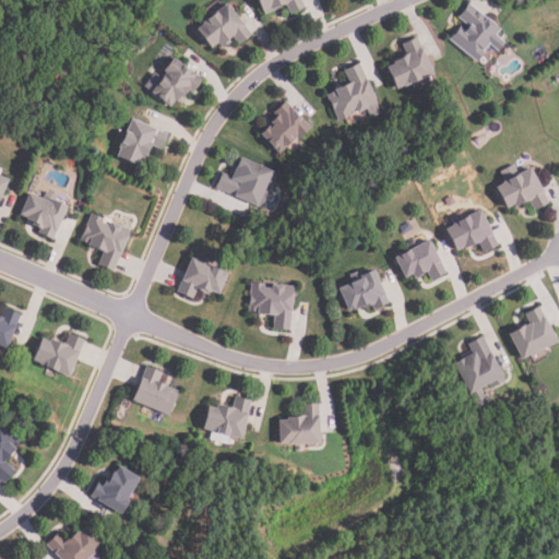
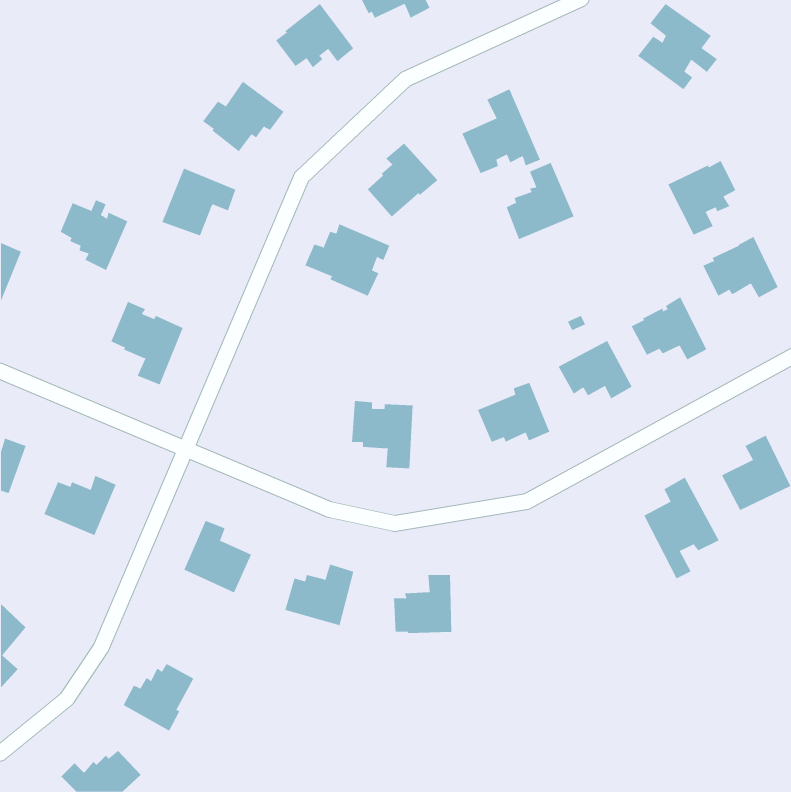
building: [388,35,436,90] -> [506,162,574,240]
building: none -> [668,160,736,236]
building: [20,190,68,240] -> [60,199,128,271]
building: [176,257,227,300] -> none

